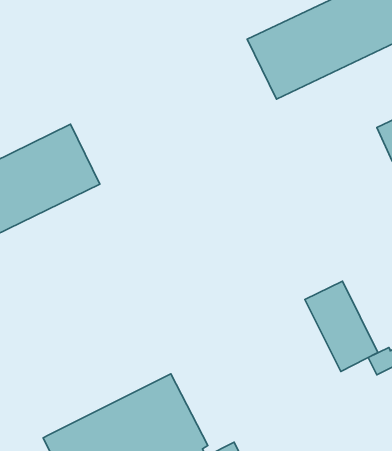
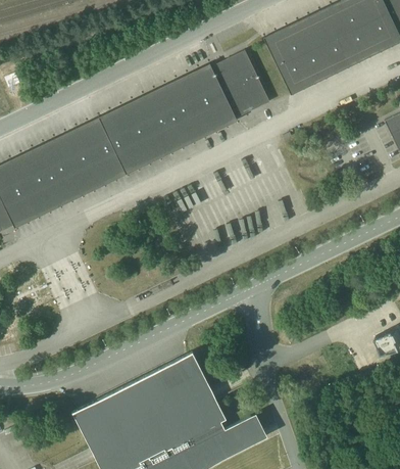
building: none -> [98,50,269,174]
building: [305,281,378,372] -> none

